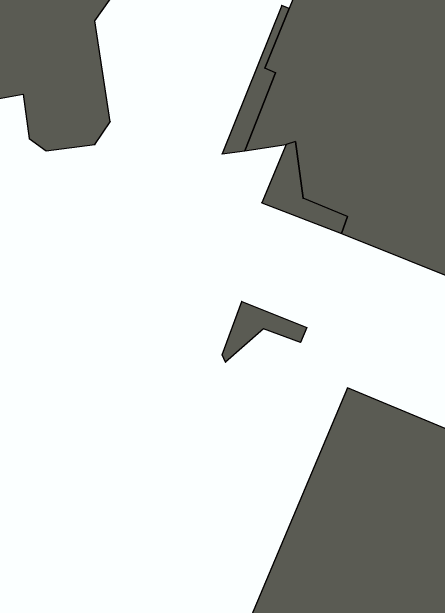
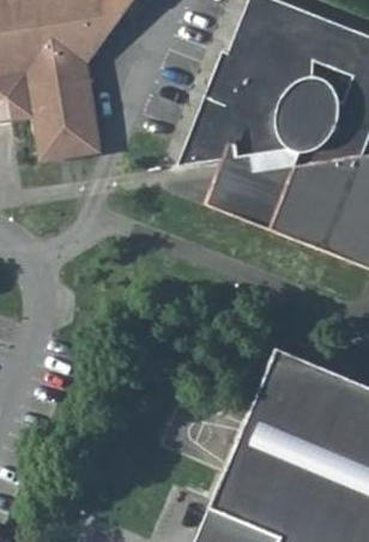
building: [222,301,307,362] -> none

